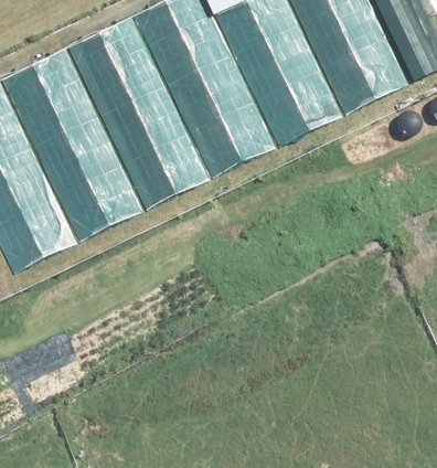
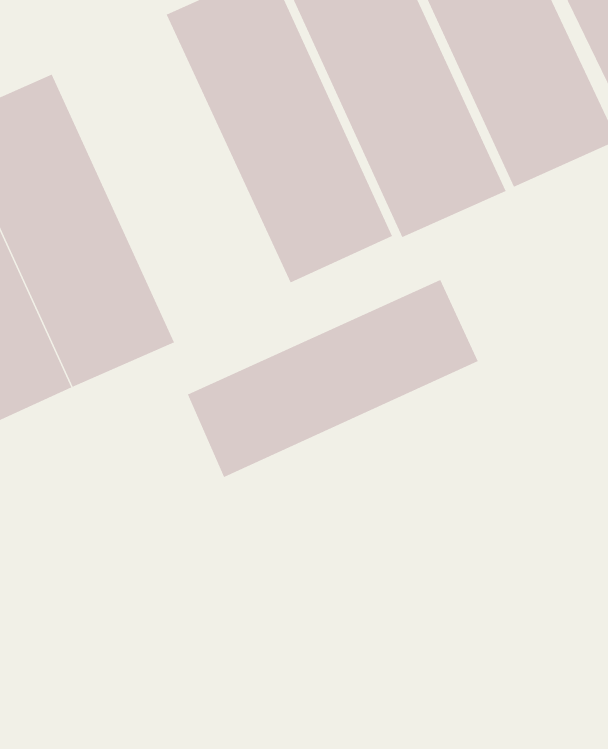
building: [68,17,206,210] -> none
building: none -> [187,279,478,478]

